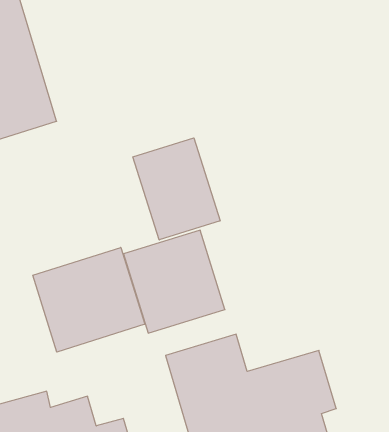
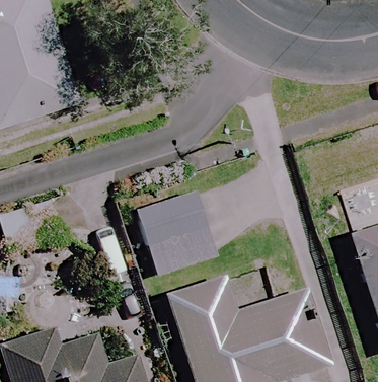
building: [133,138,220,240] -> none
building: [33,247,145,352] -> none

